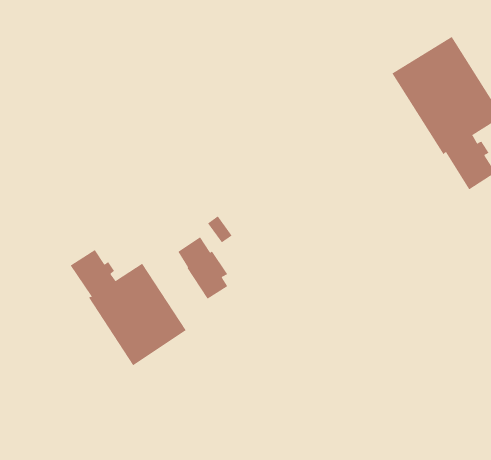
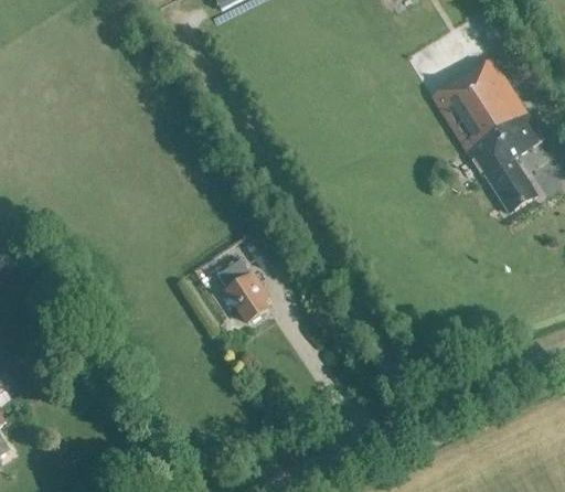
building: [70,249,187,366] -> none

